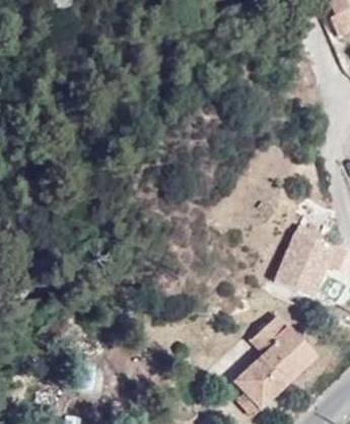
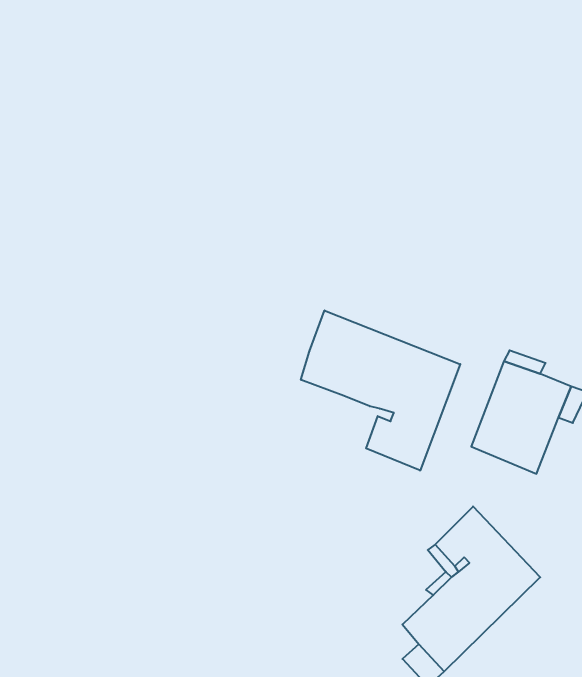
building: none -> [301,310,460,471]

